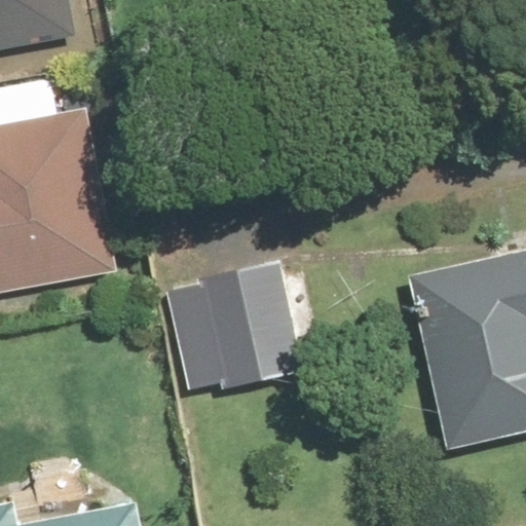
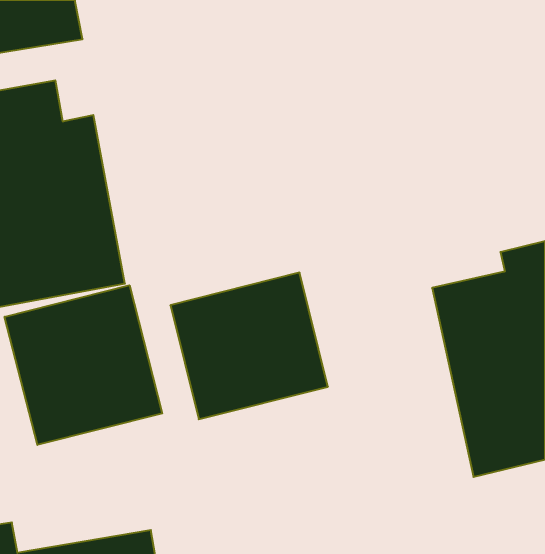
building: none -> [5,285,162,445]

